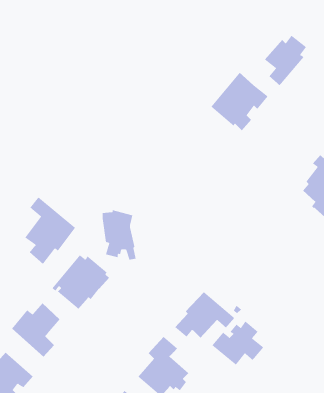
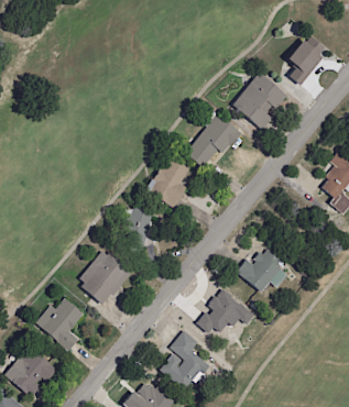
building: none -> [185,111,243,168]
building: none -> [145,154,193,209]
building: [24,197,76,265] -> none
building: [212,321,264,365] -> [236,249,287,293]

